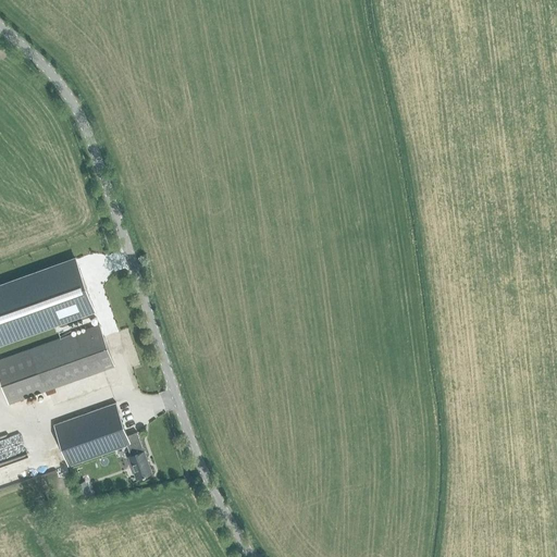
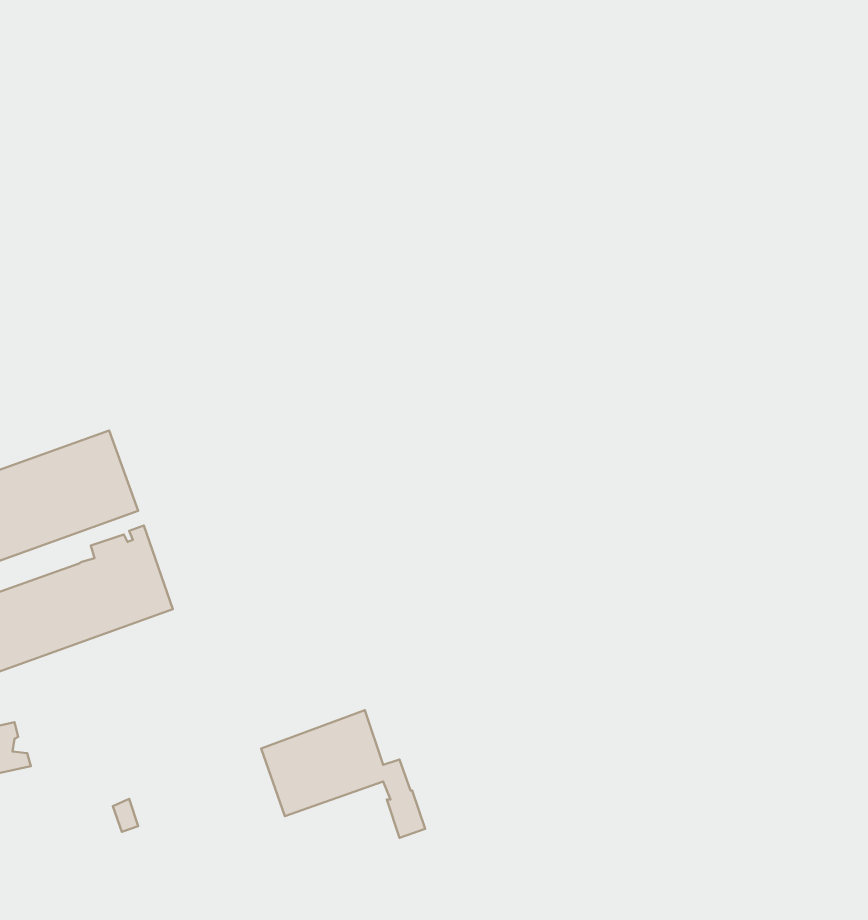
building: [52,404,150,480] -> [261,710,425,838]

